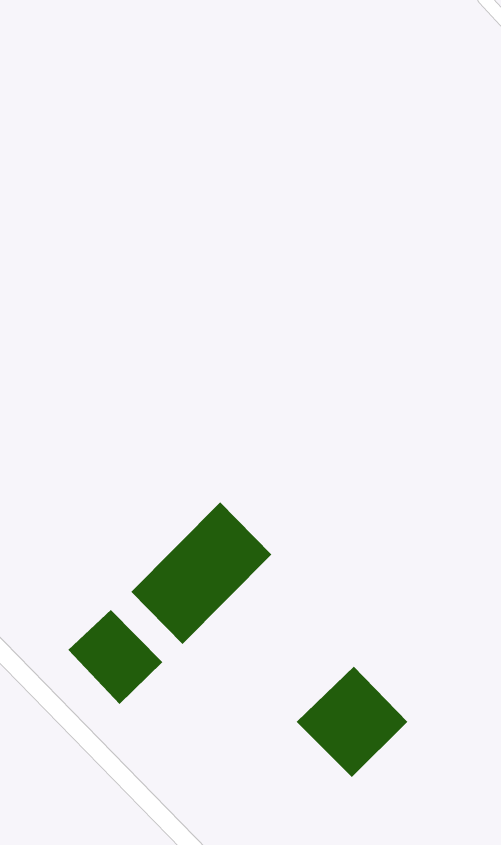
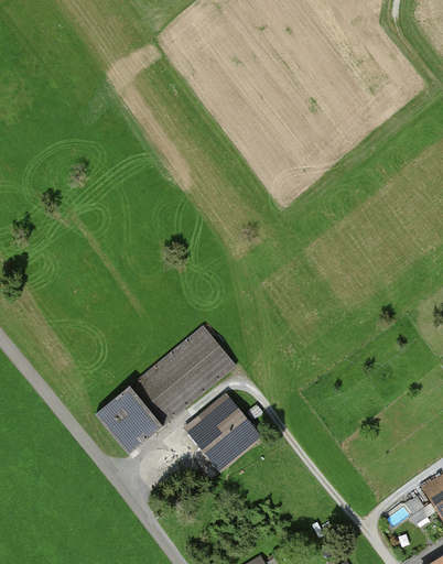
building: [296,666,408,778] -> [186,397,257,467]

